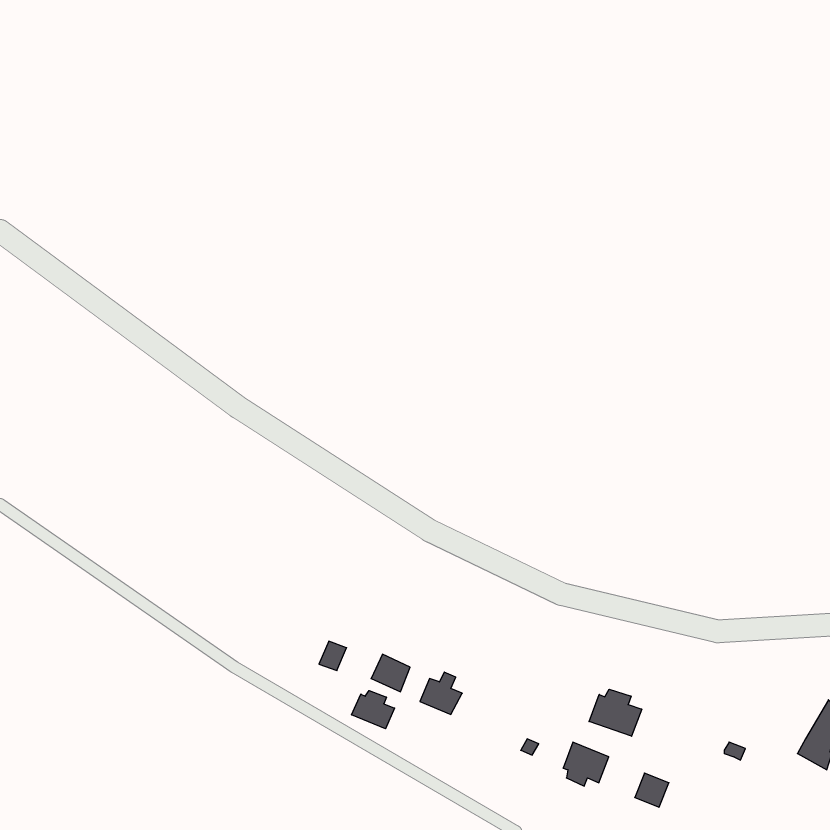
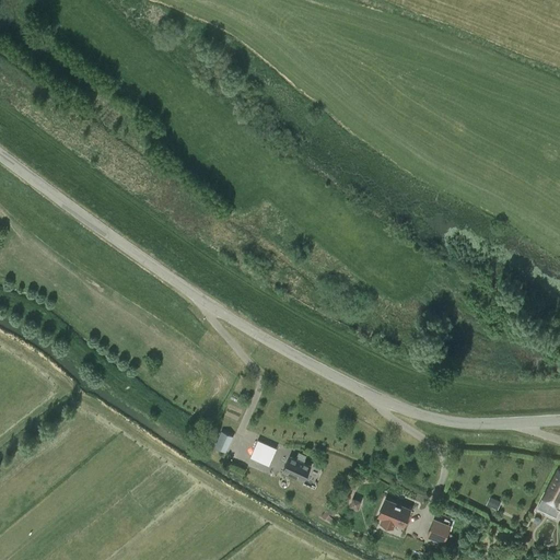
building: [589,689,642,736] -> none
building: [352,691,395,729] -> none

